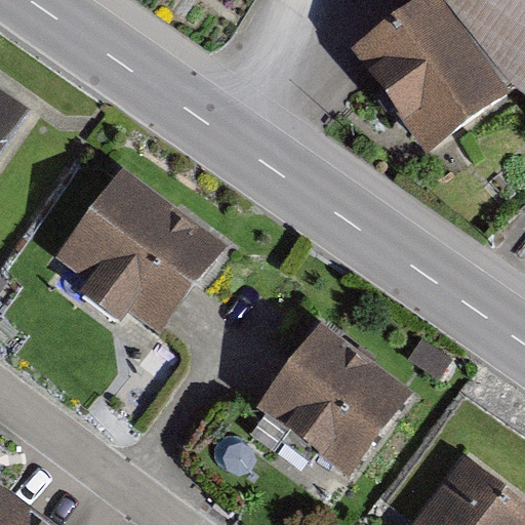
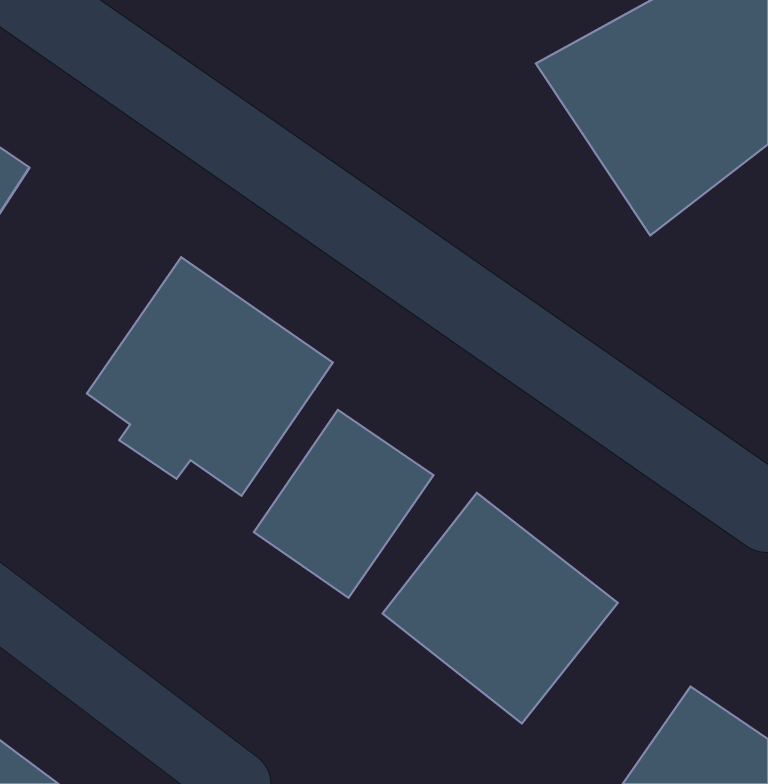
building: none -> [254,410,434,598]

